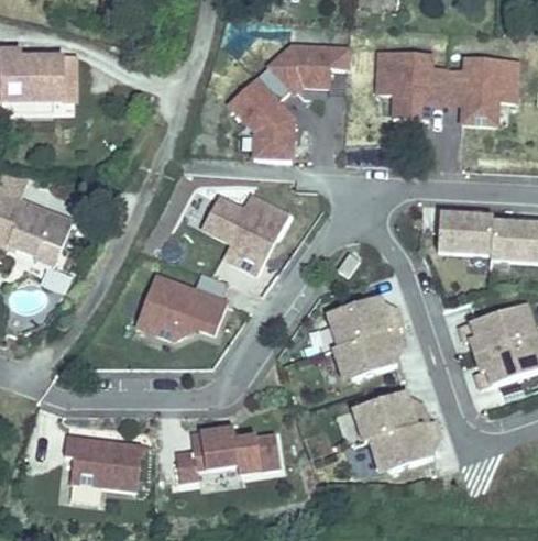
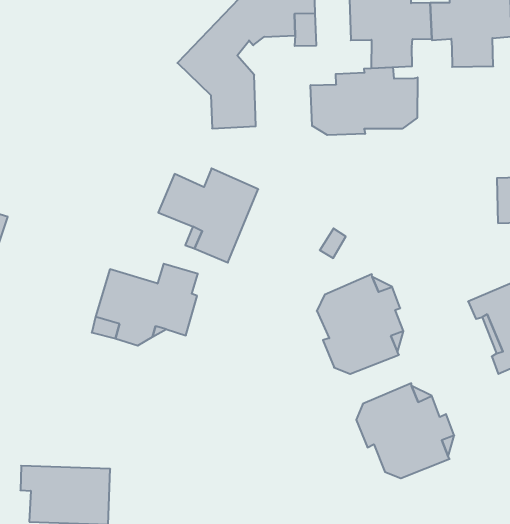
building: none -> [311,67,418,135]
building: [437,213,492,260] -> none
building: [175,428,279,483] -> none

